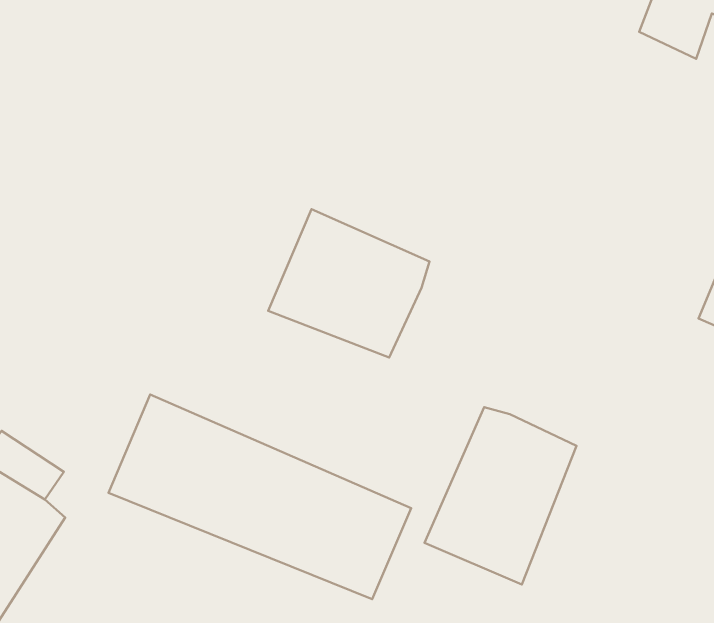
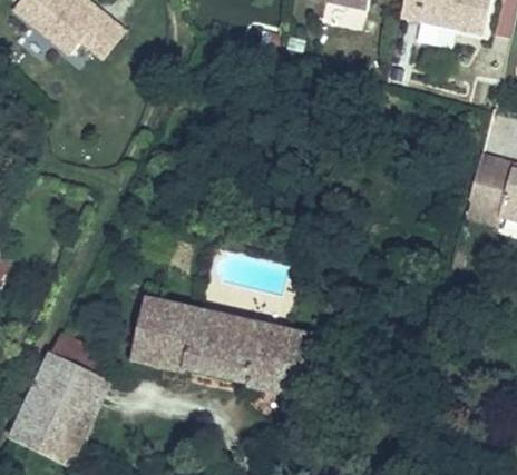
building: [268,209,429,358] -> none
building: [424,407,577,584] -> none

